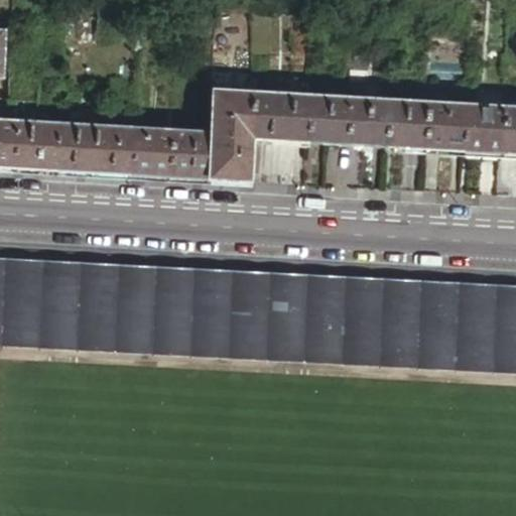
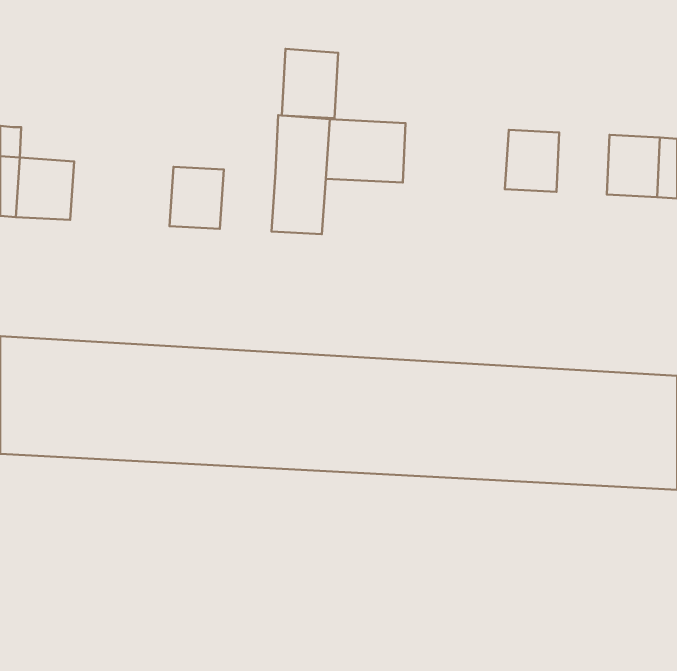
building: none -> [282,49,338,118]
building: [306,94,387,144] -> none
building: [423,101,464,148] -> none
building: [53,123,132,172] -> none
building: [167,129,210,176] -> none

